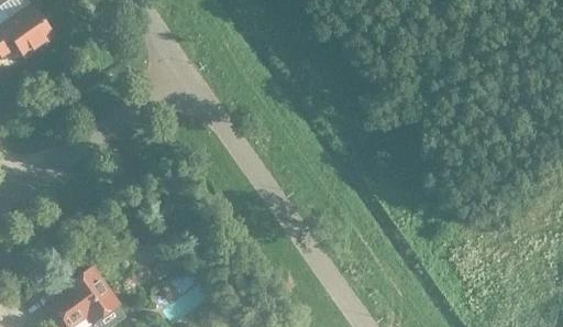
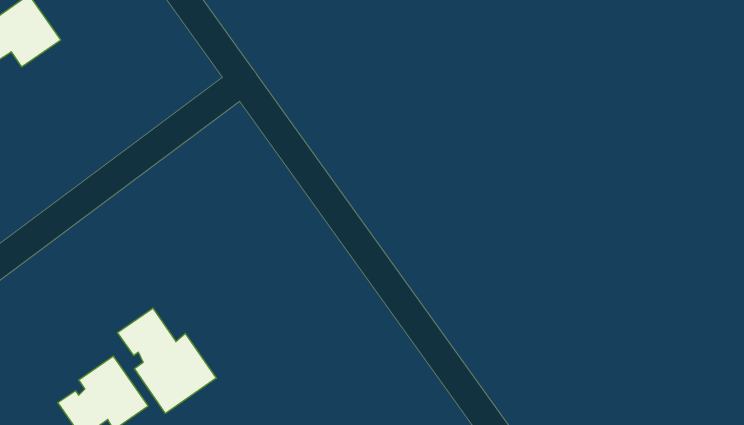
building: none -> [118,308,216,413]

